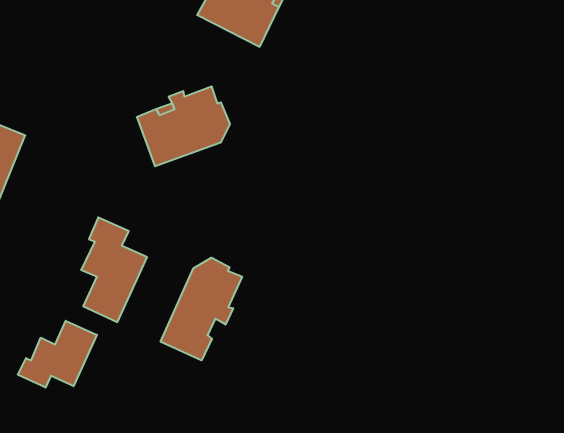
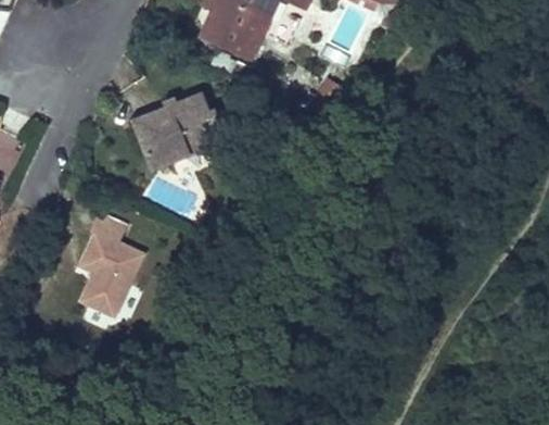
building: [161,258,242,360] -> none
building: [18,321,97,388] -> none

